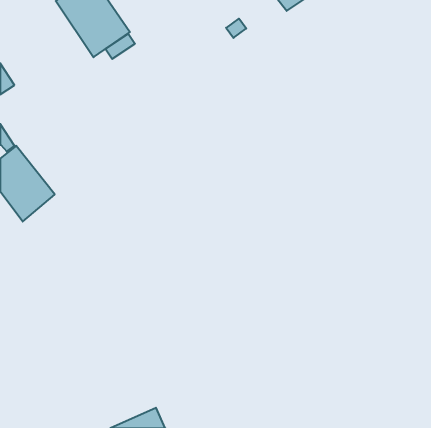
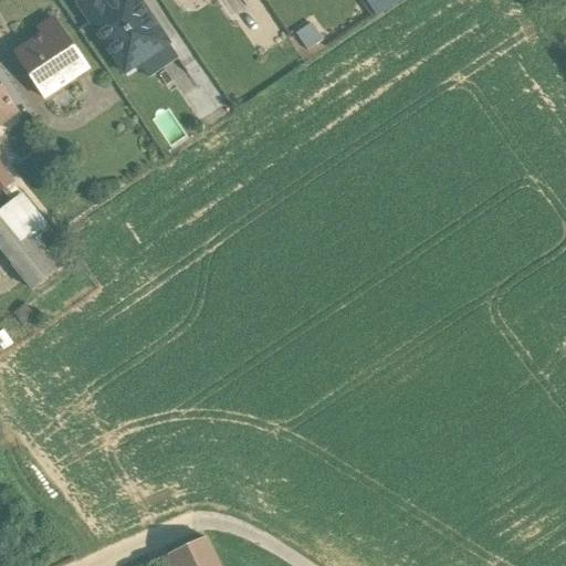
building: none -> [11,13,90,99]

